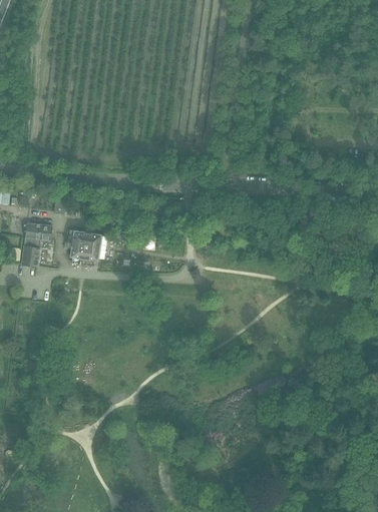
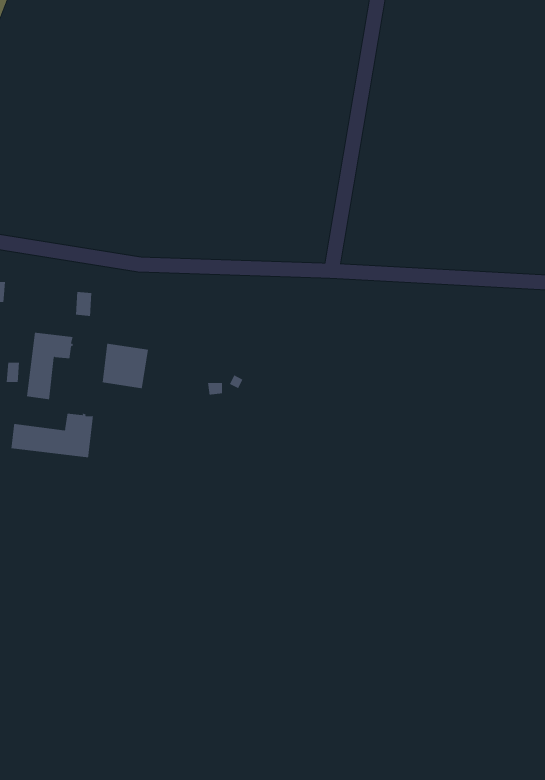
building: none -> [11,413,94,458]

